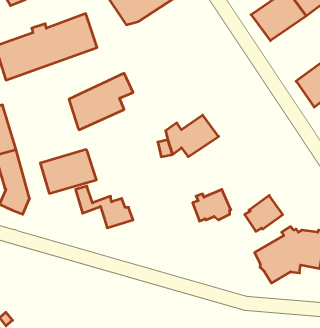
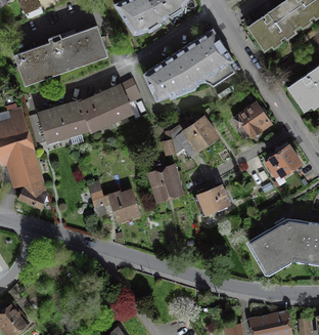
building: none -> [143,28,234,100]
building: none -> [233,102,270,135]
building: [40,150,96,193] -> [39,100,90,140]
building: none -> [152,168,179,198]
building: [245,195,283,231] -> [266,144,301,177]

